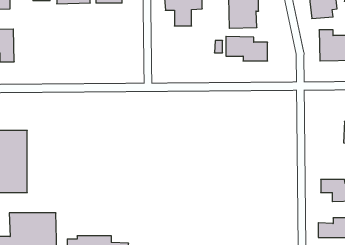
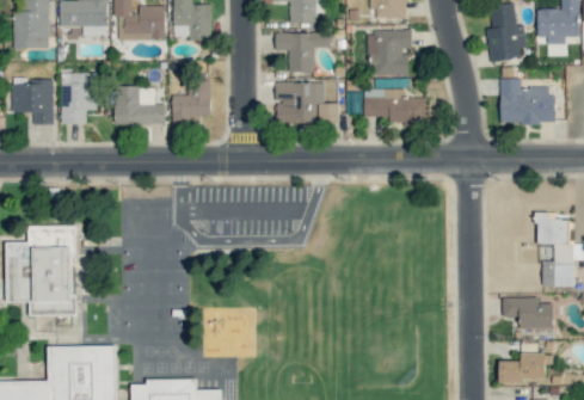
building: none -> [61,73,98,124]
building: none -> [172,81,211,124]
building: none -> [276,82,339,124]
building: none -> [115,86,166,125]

